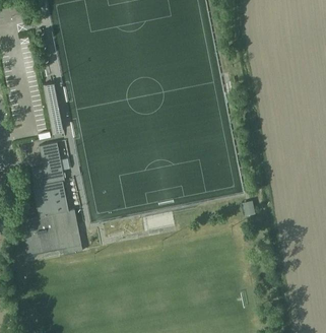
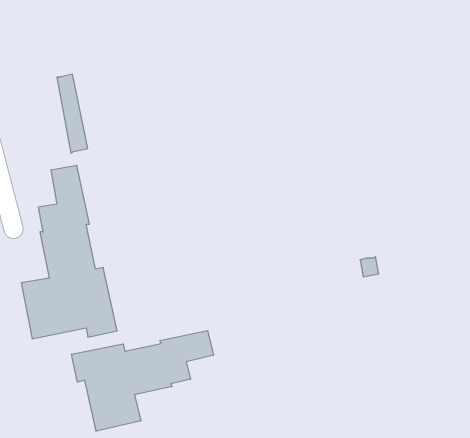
building: none -> [72,331,214,431]

